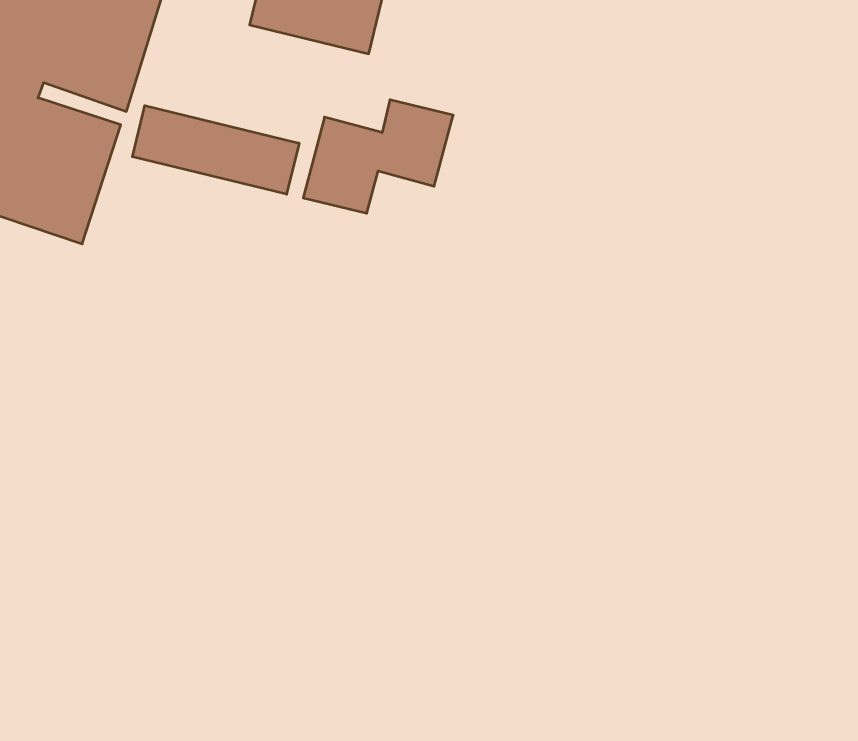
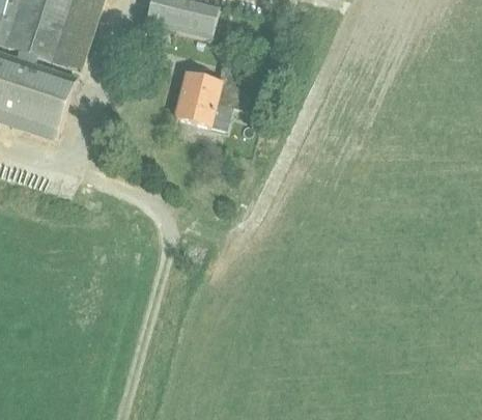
building: [132,106,299,194] -> none

